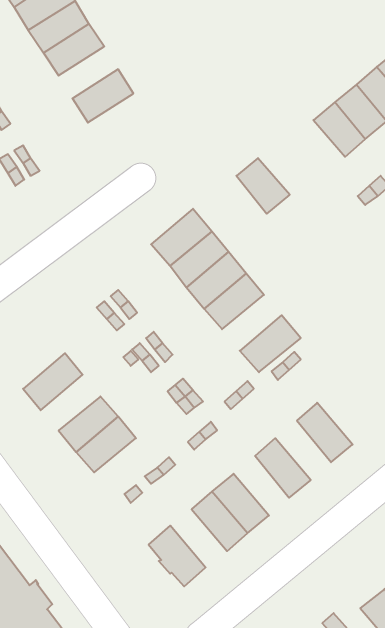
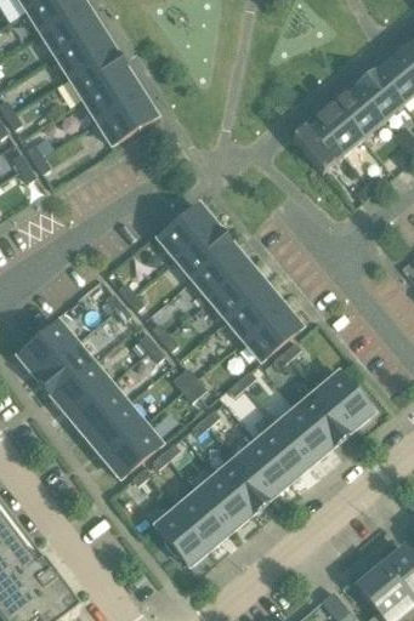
building: none -> [69,47,126,97]
building: none -> [97,92,155,143]
building: [236,158,290,214] -> [293,118,344,171]
building: none -> [226,285,283,338]
building: none -> [18,320,75,375]
building: none -> [52,361,109,415]
building: none -> [317,371,372,428]
building: none -> [277,405,330,462]
building: none -> [103,422,160,477]
building: none -> [237,439,290,496]
building: none -> [176,490,231,546]

